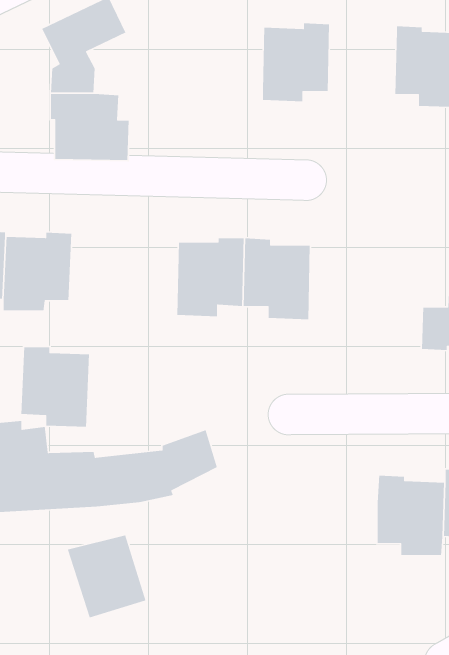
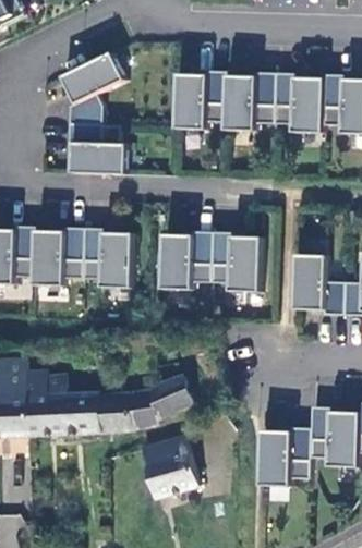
building: none -> [173,71,224,130]
building: none -> [272,73,322,133]
building: none -> [292,254,341,314]
building: [21,347,90,428] -> [80,228,131,288]
building: none -> [257,427,307,486]
building: [67,534,146,618] -> [137,435,196,497]

